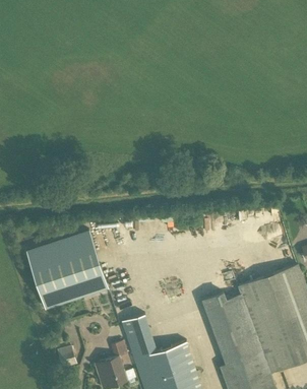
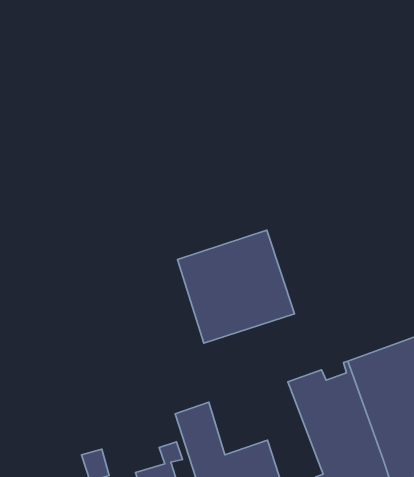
building: [26,231,108,309] -> [177,230,295,343]

